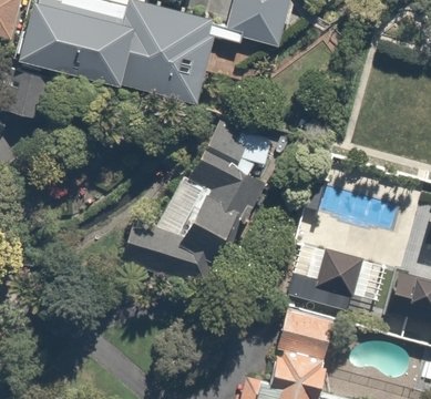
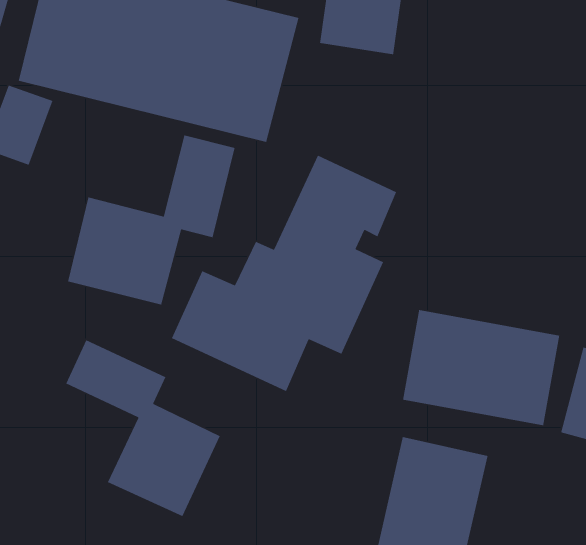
building: none -> [67,135,236,306]
building: none -> [65,339,221,517]

